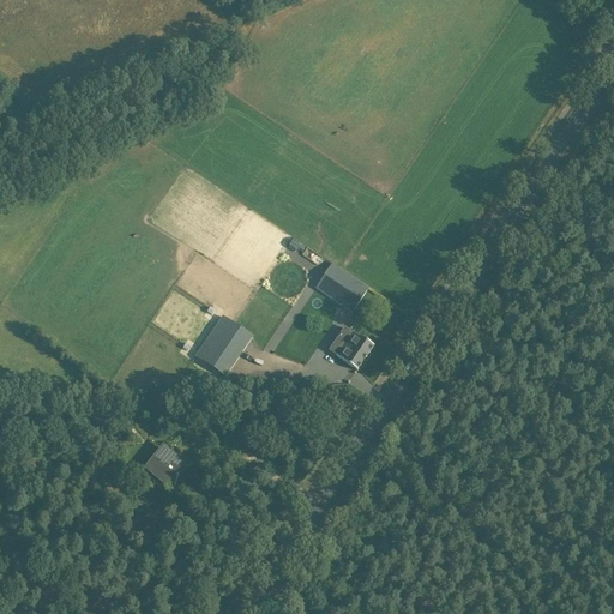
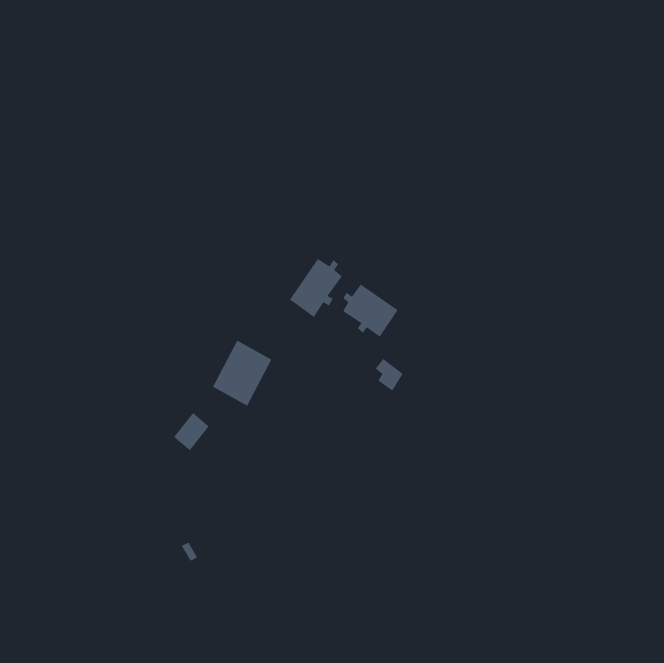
building: none -> [289,258,342,318]
building: [149,447,182,483] -> [173,412,210,451]

